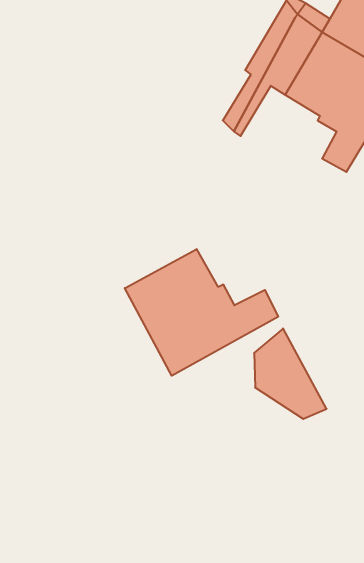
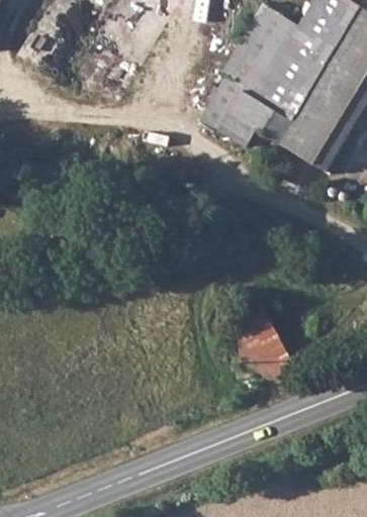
building: none -> [222,85,309,150]
building: [125,249,278,376] -> none

